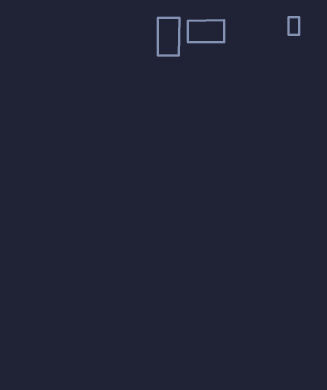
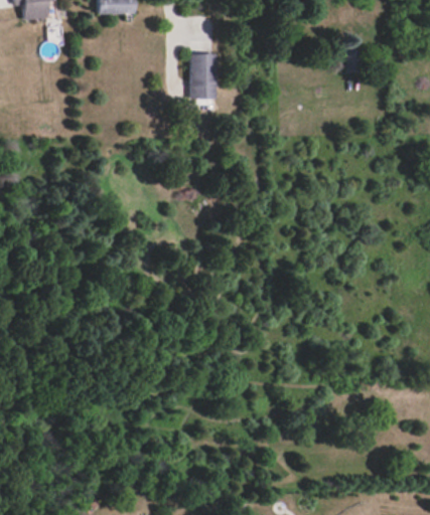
building: [188,20,224,42] -> none

